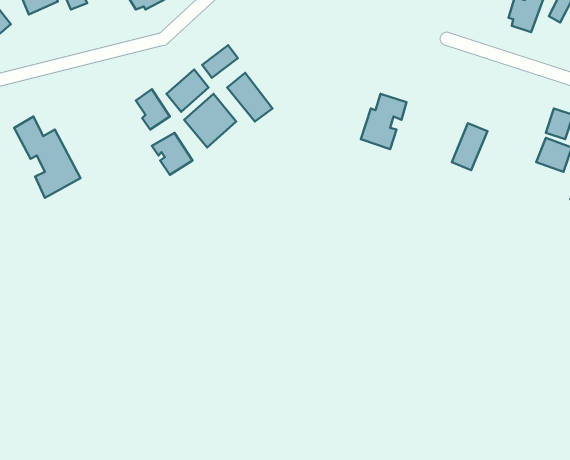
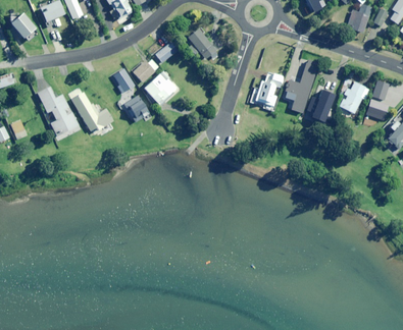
building: [227,73,273,121] -> [188,28,216,58]
building: none -> [285,60,320,113]
building: none -> [340,81,370,113]
building: none -> [72,92,112,130]

